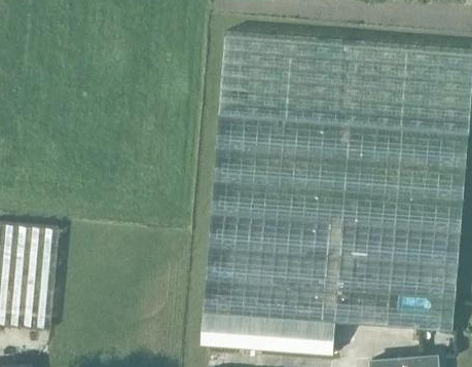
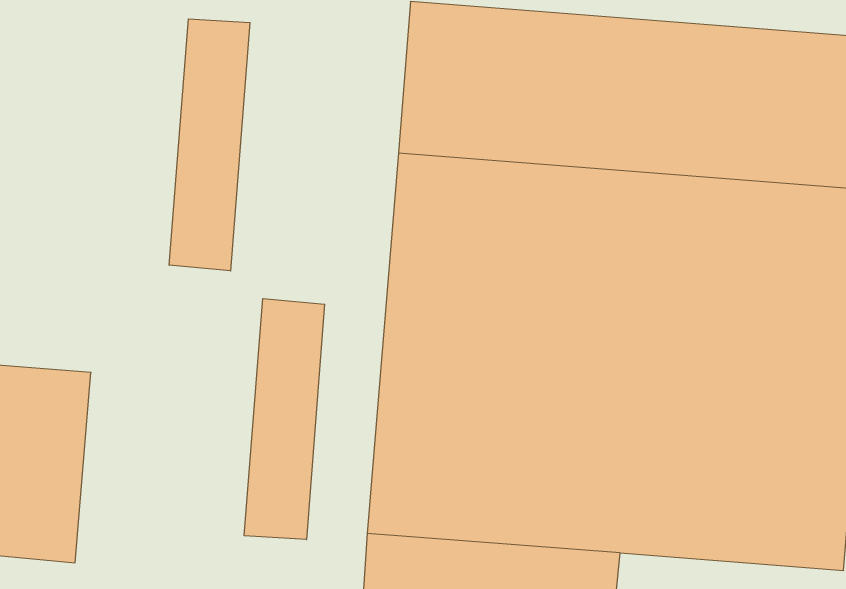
building: none -> [169,19,250,271]
building: none -> [244,299,325,540]

